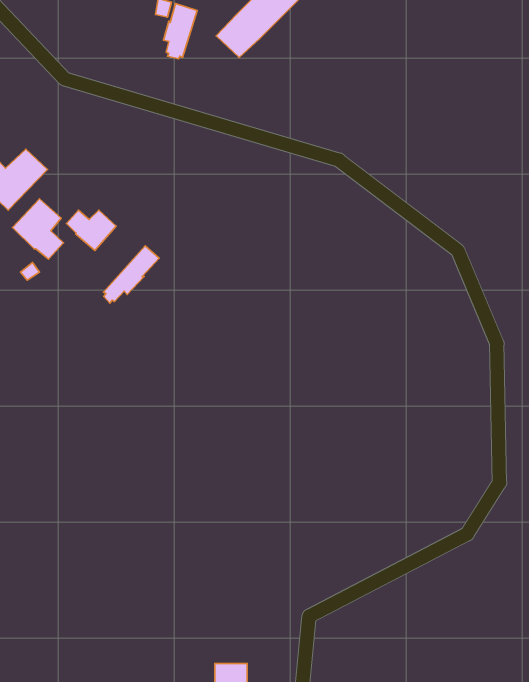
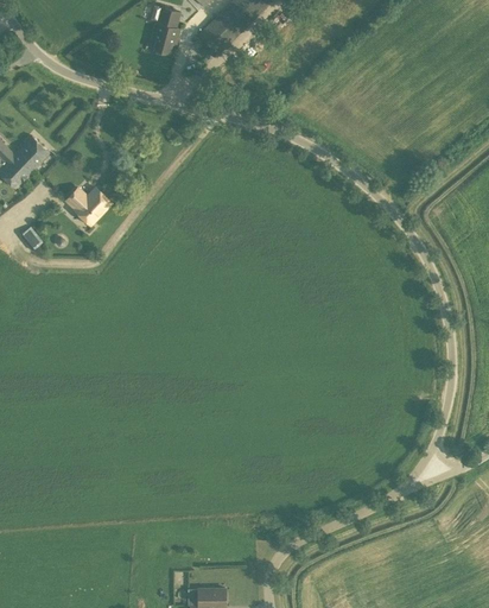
building: [12,199,63,259] -> none
building: [104,246,159,303] -> none

